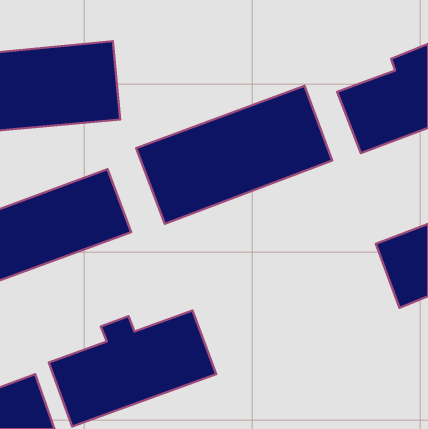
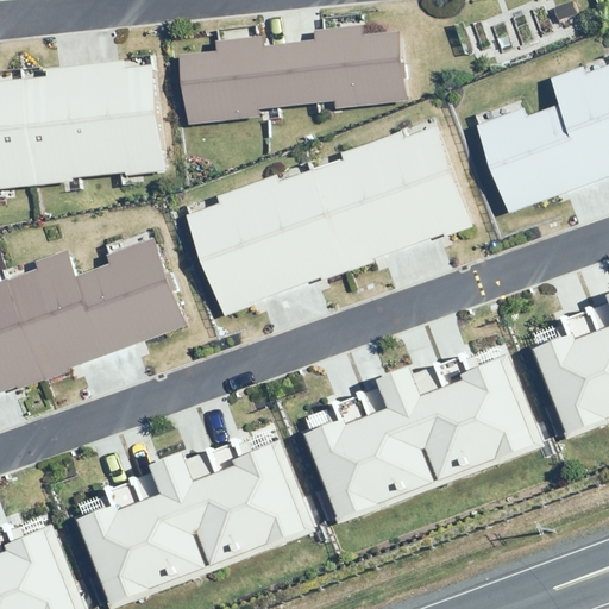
building: none -> [181,31,403,115]
building: none -> [300,358,536,522]

